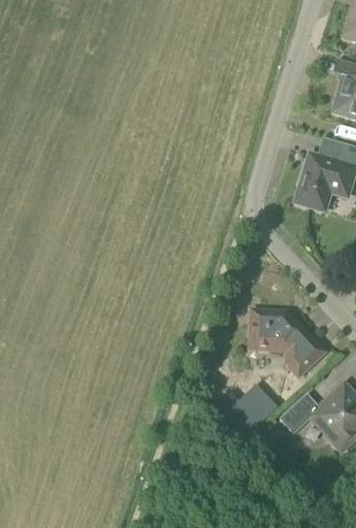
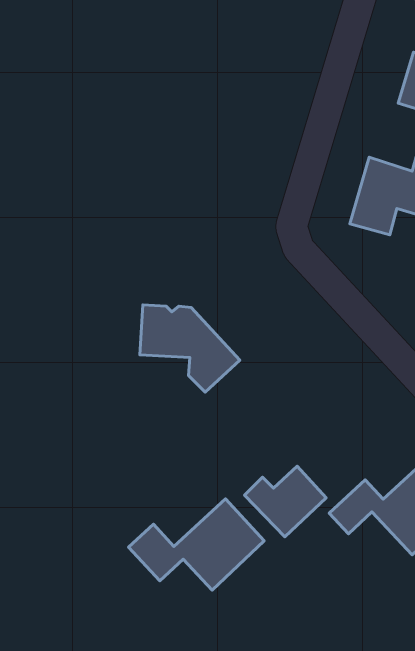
building: [250,310,324,375] -> [140,305,240,392]
building: none -> [128,499,264,590]

